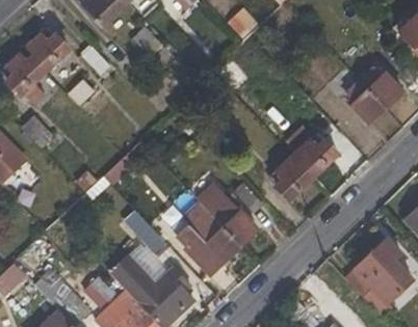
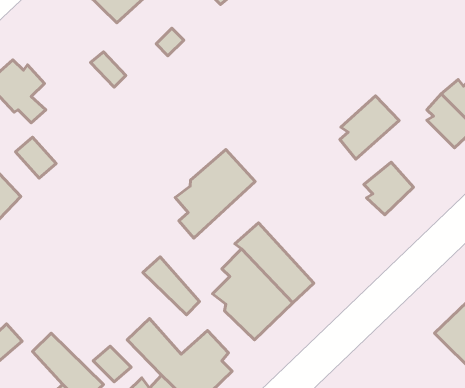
building: [28,33,70,72] -> none
building: none -> [340,96,399,159]
building: none -> [175,149,255,238]
building: [268,159,314,200] -> none

